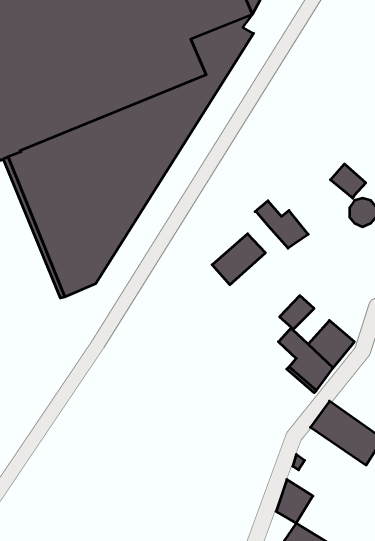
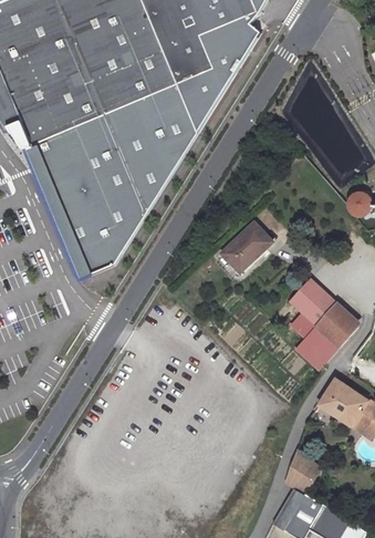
building: [330,164,366,198] -> none
building: [255,201,308,248] -> none
building: none -> [296,290,331,323]

